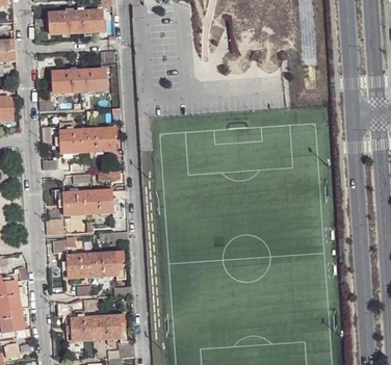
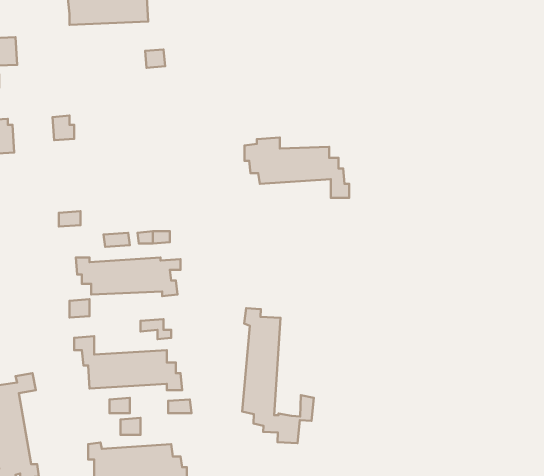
building: [52,68,106,92] -> none
building: [51,122,122,162] -> [244,138,349,198]
building: none -> [242,308,314,443]

